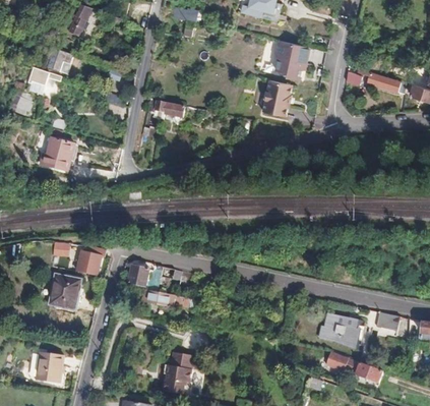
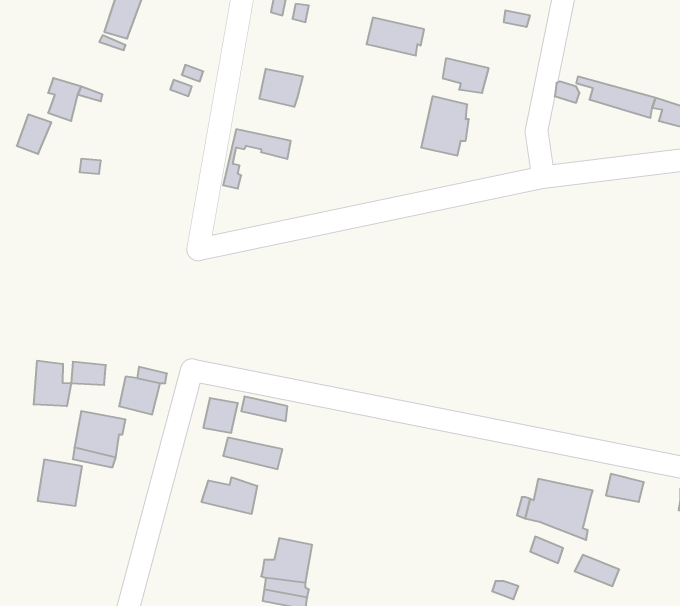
building: [273,39,309,62] -> [366,18,424,56]
building: [51,48,76,74] -> none
building: none -> [259,69,303,107]
building: [34,134,69,168] -> none
building: none -> [34,361,71,406]
building: none -> [202,477,257,514]
building: [36,352,63,381] -> [38,460,82,506]

